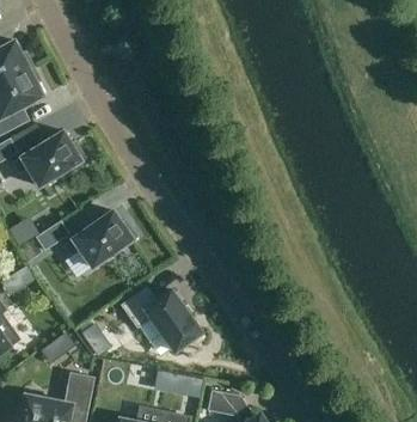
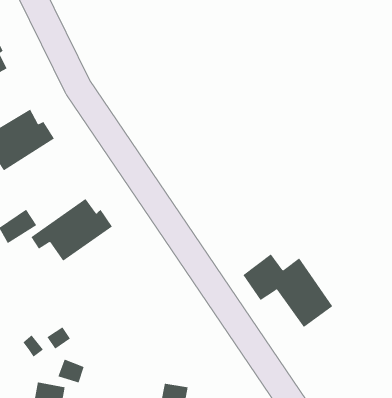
building: [121,286,201,351] -> [243,254,333,328]

